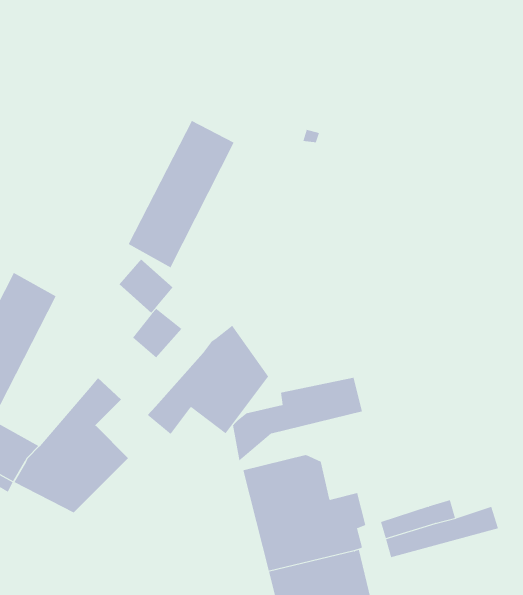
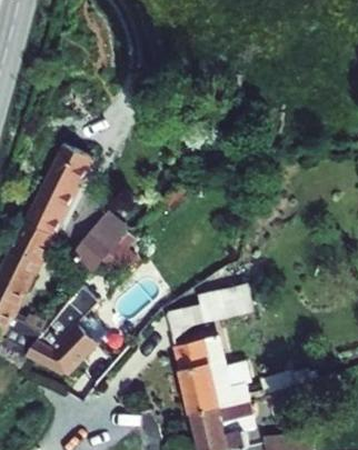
building: [128,120,235,268] -> [26,139,95,234]
building: none -> [71,227,115,271]
building: [147,325,269,435] -> none

